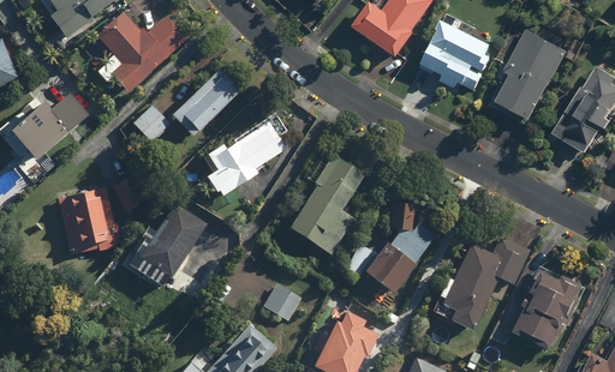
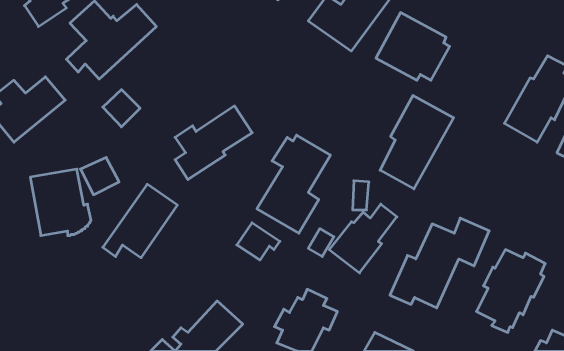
building: [489,31,565,127] -> [380,96,454,189]
building: [175,64,244,132] -> none
building: [263,280,308,318] -> [237,223,280,260]

